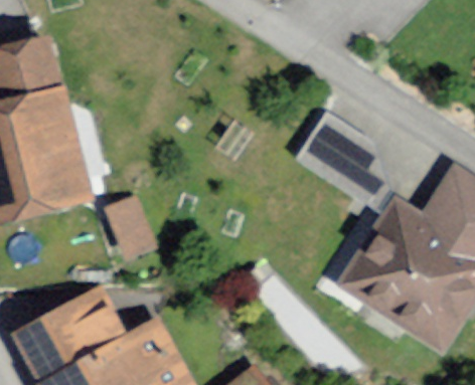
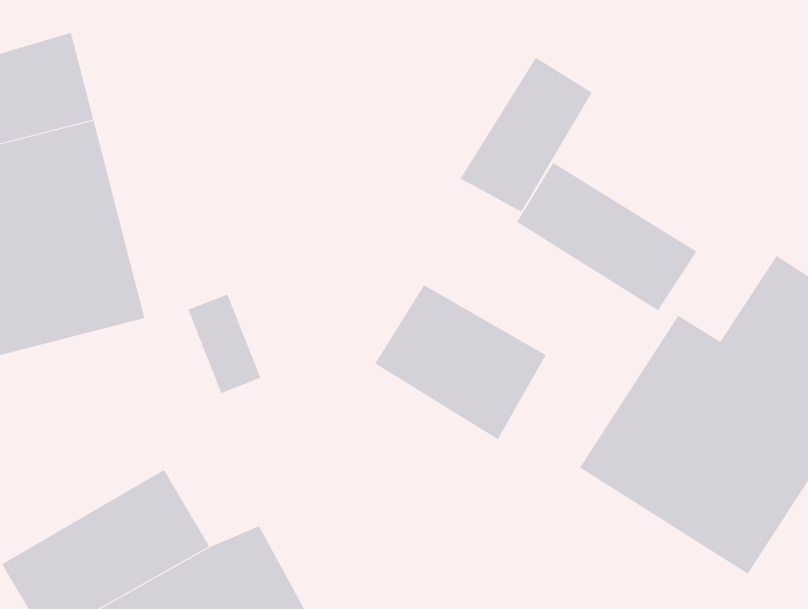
building: none -> [460,57,593,213]
building: none -> [374,284,547,440]

